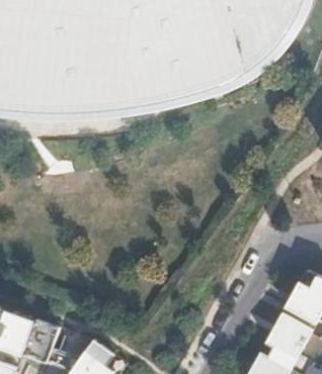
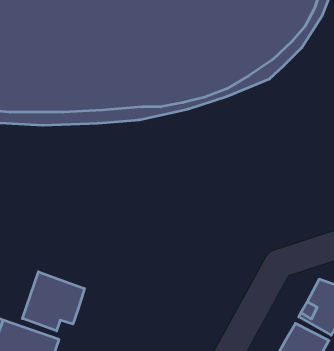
building: none -> [22,272,84,331]

